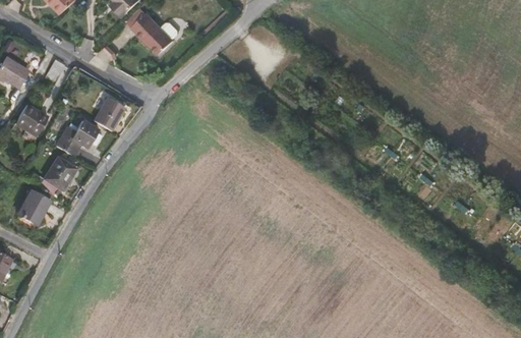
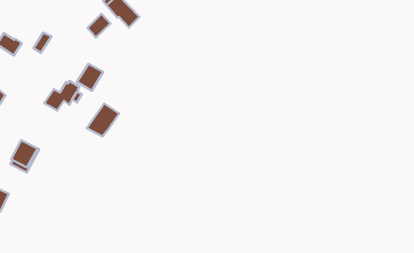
building: none -> [87,14,111,38]
building: [15,105,49,136] -> none
building: [35,156,74,196] -> [87,104,119,137]

